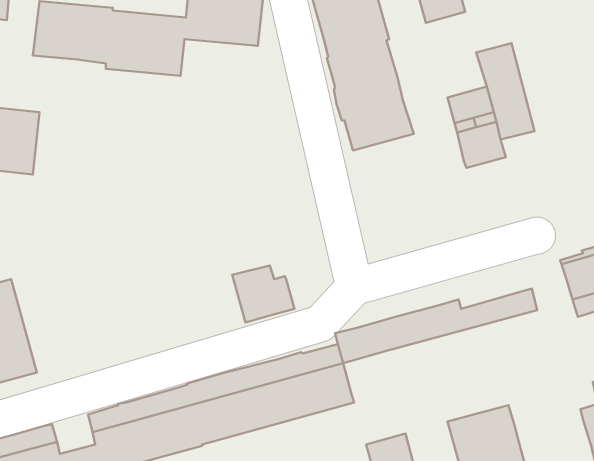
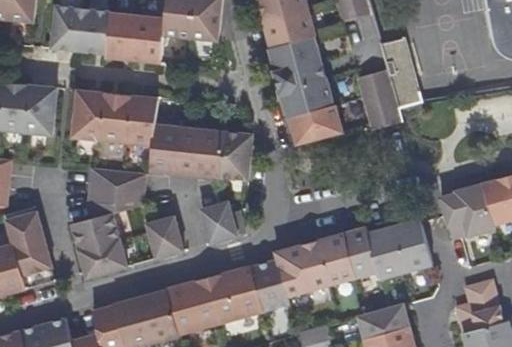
building: none -> [73,90,252,180]
building: none -> [289,104,342,143]
building: none -> [71,168,144,277]
building: none -> [144,215,182,258]
building: none -> [281,234,433,296]

